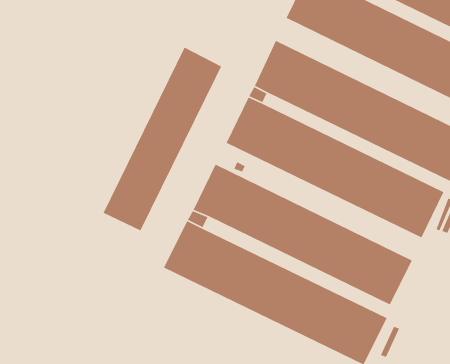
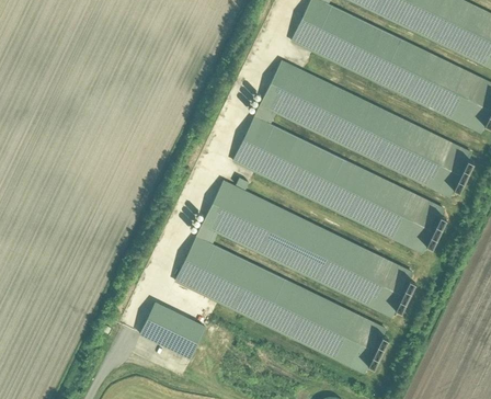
building: [103,47,222,232] -> none
building: none -> [136,301,204,358]

